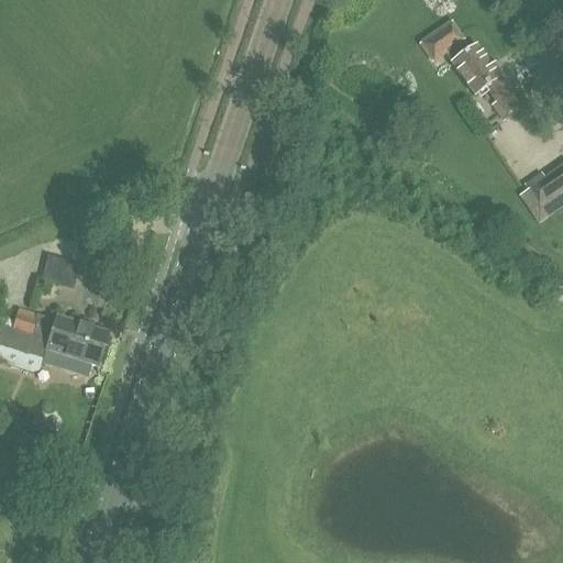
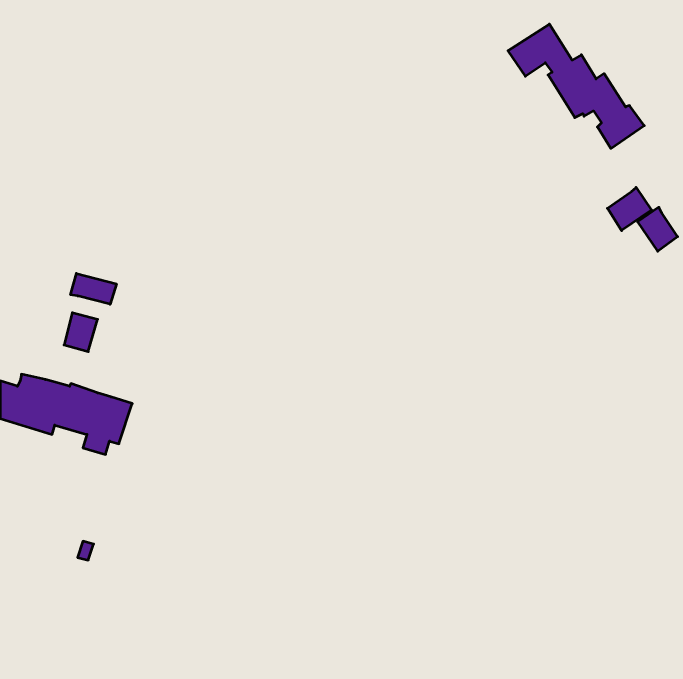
building: none -> [607,187,652,231]
building: none -> [71,273,116,304]

